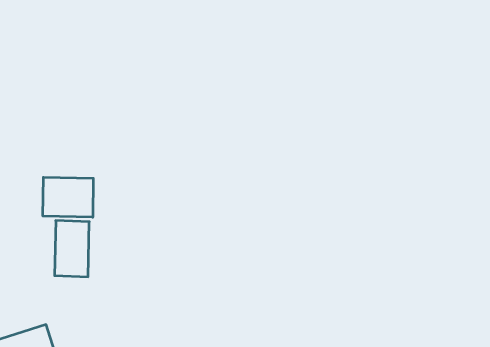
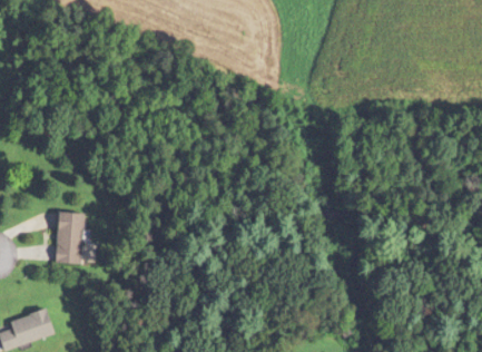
building: [43,177,93,217] -> none

